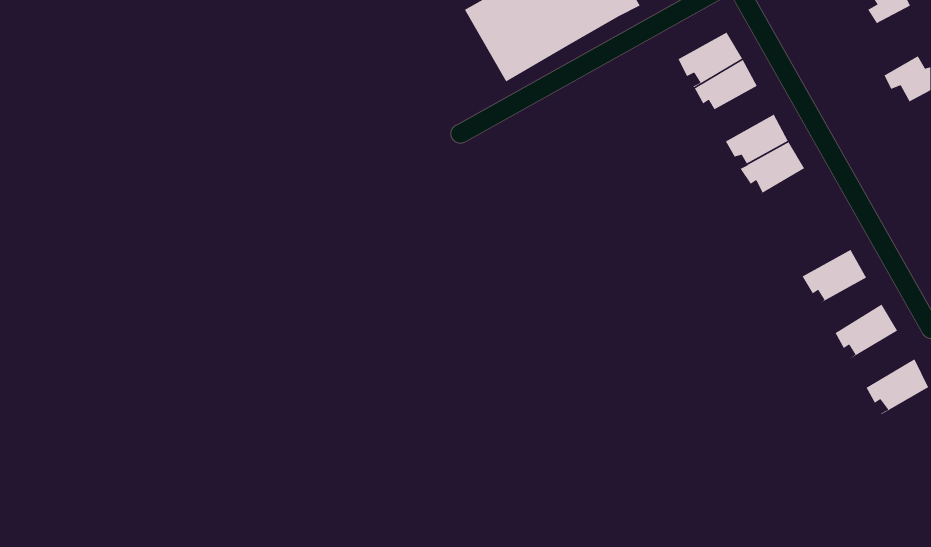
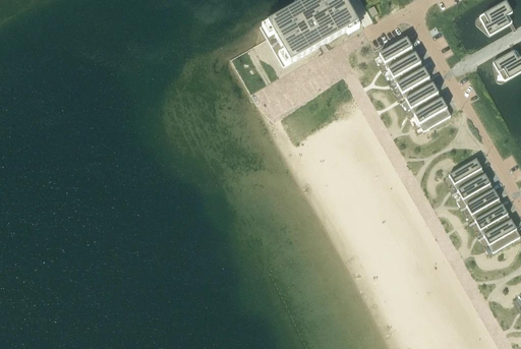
building: none -> [396,68,432,99]
building: none -> [457,175,493,206]
building: none -> [474,205,511,236]

